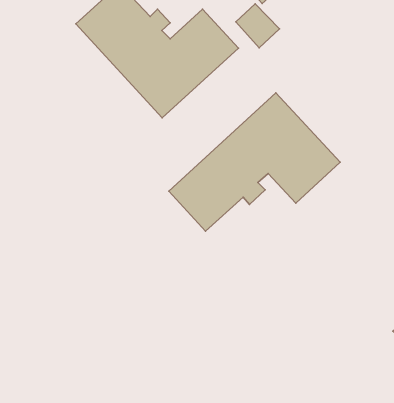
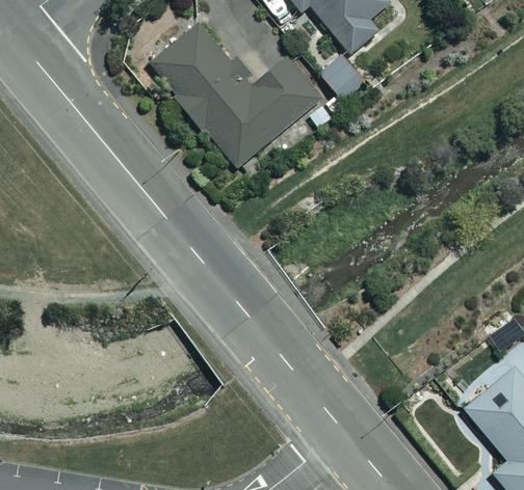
building: [169,93,340,231] -> none

